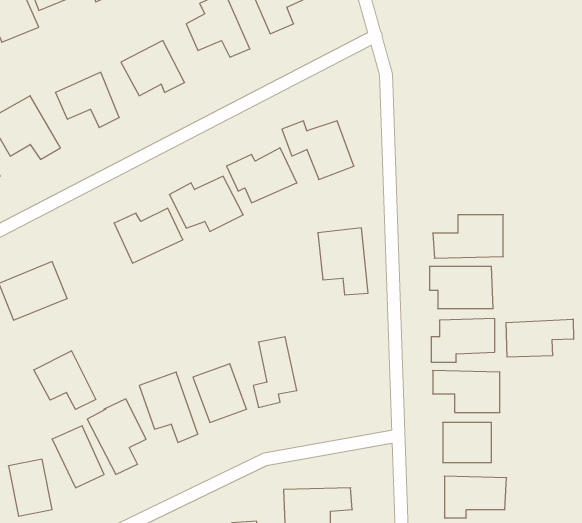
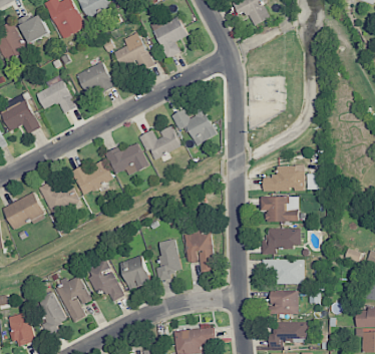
building: [318,228,368,295] -> [184,232,215,272]
building: none -> [39,181,80,216]
building: [506,319,574,357] -> none
building: [34,351,96,409] -> none

